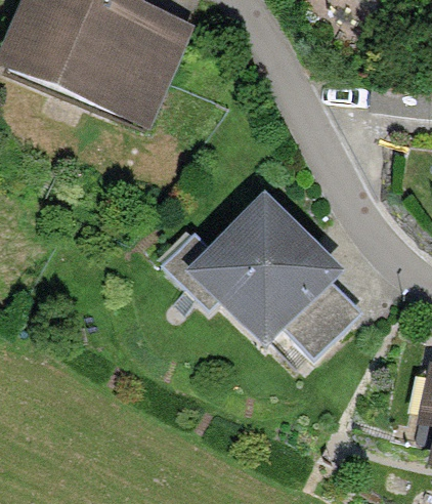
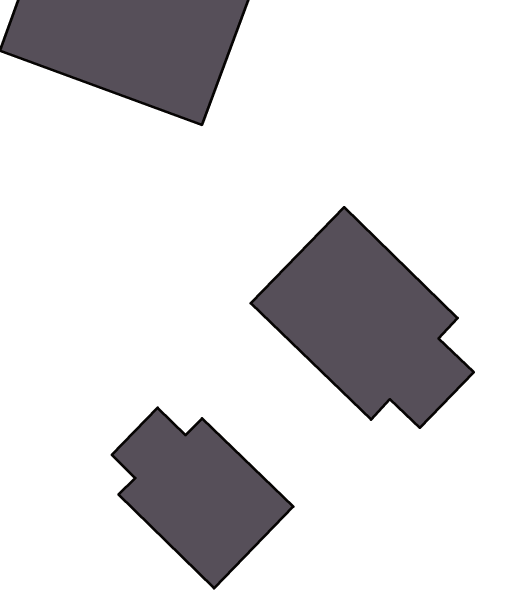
building: none -> [112,408,293,588]

